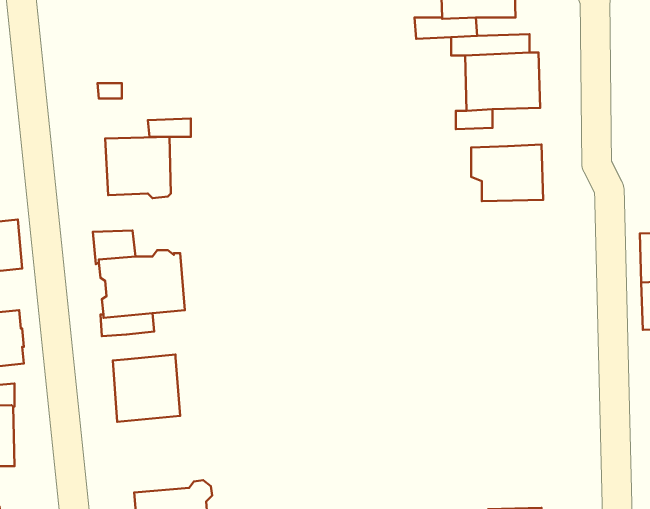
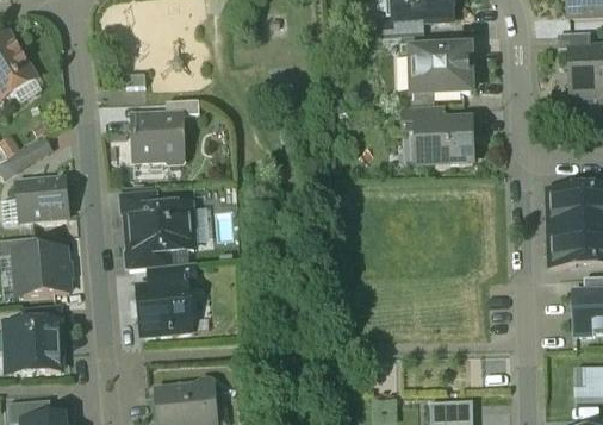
building: none -> [402,106,446,130]
building: none -> [149,263,197,286]

